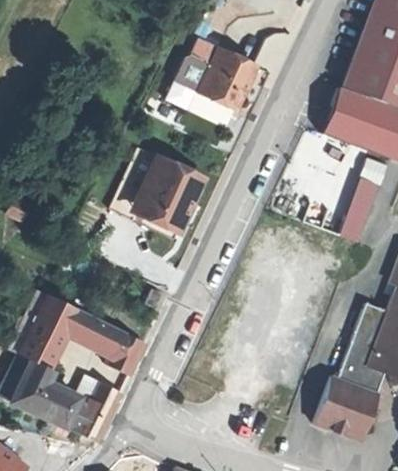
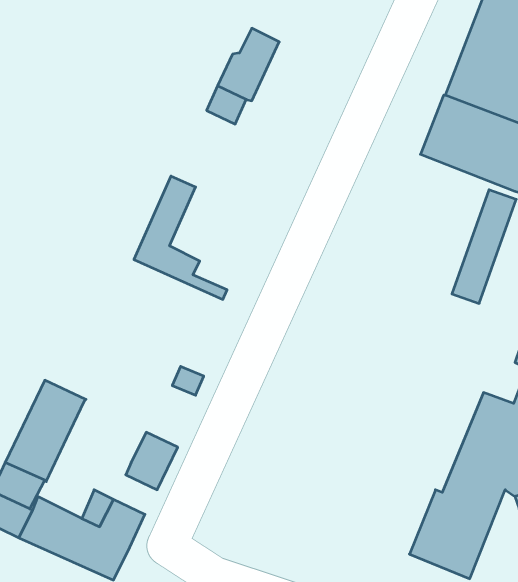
building: [199,49,257,110] -> none
building: [139,155,205,230] -> none
building: [64,311,122,356] -> none

